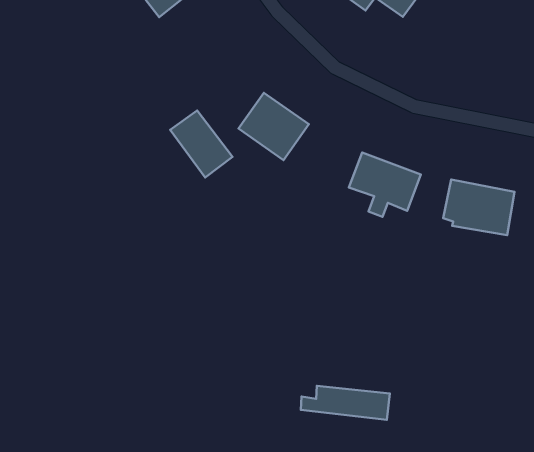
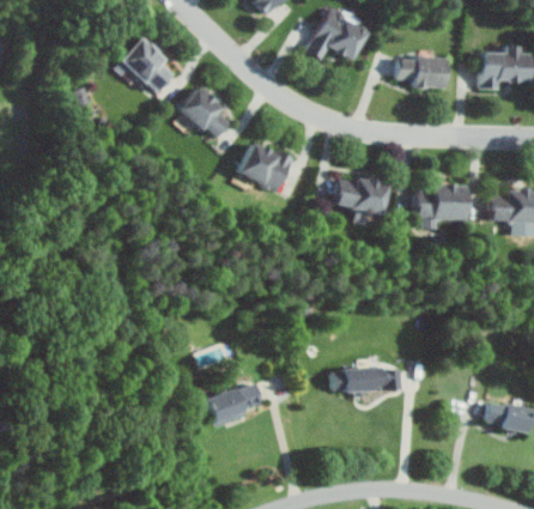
building: none -> [395,54,449,89]
building: [170,111,232,177] -> [180,87,233,140]
building: none -> [199,382,254,425]

